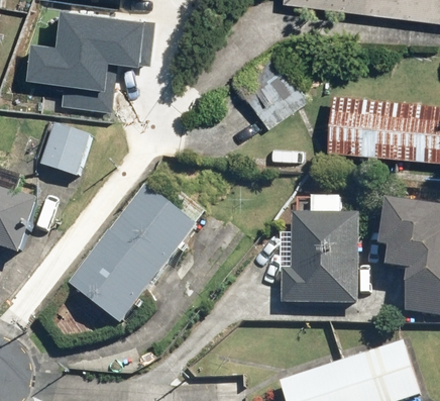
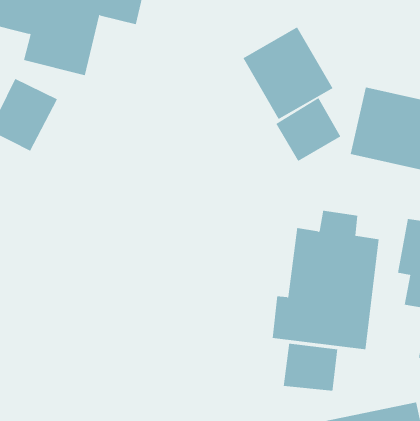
building: none -> [276,97,341,162]
building: [67,182,194,317] -> none
building: none -> [283,343,338,392]

